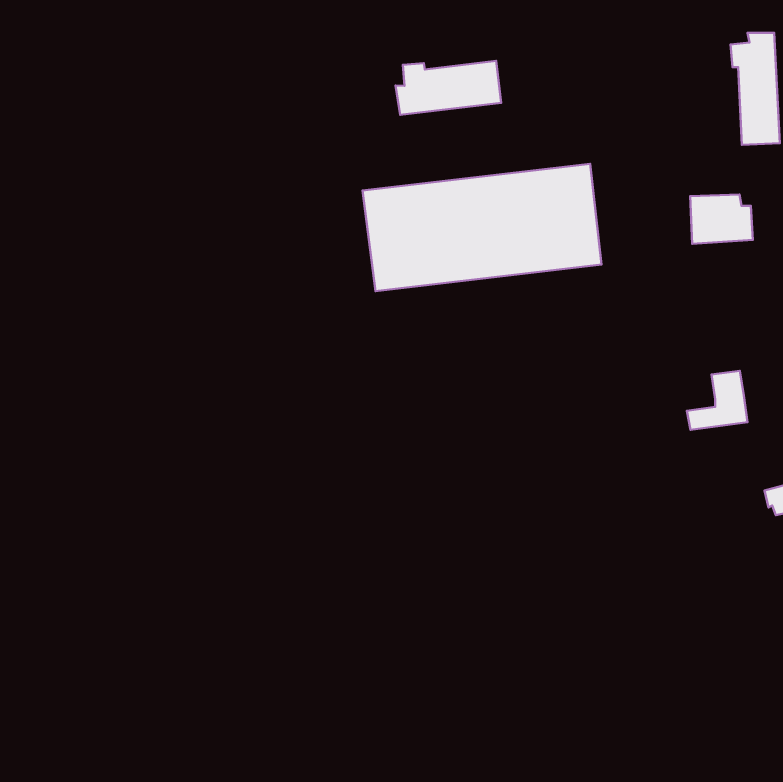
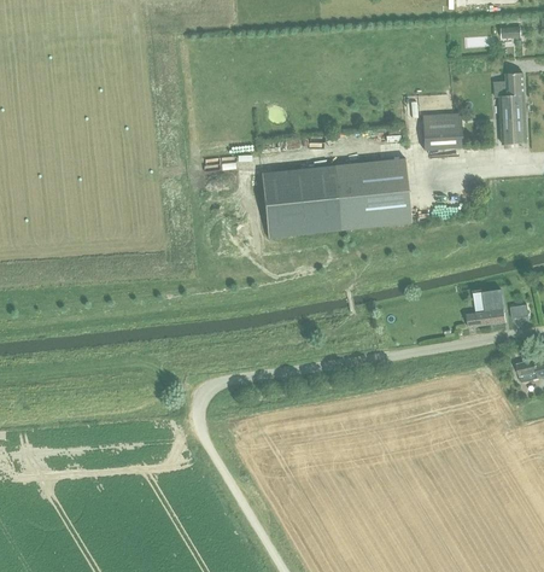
building: [396,61,501,115] -> none
building: [690,194,753,244] -> [421,117,461,148]

